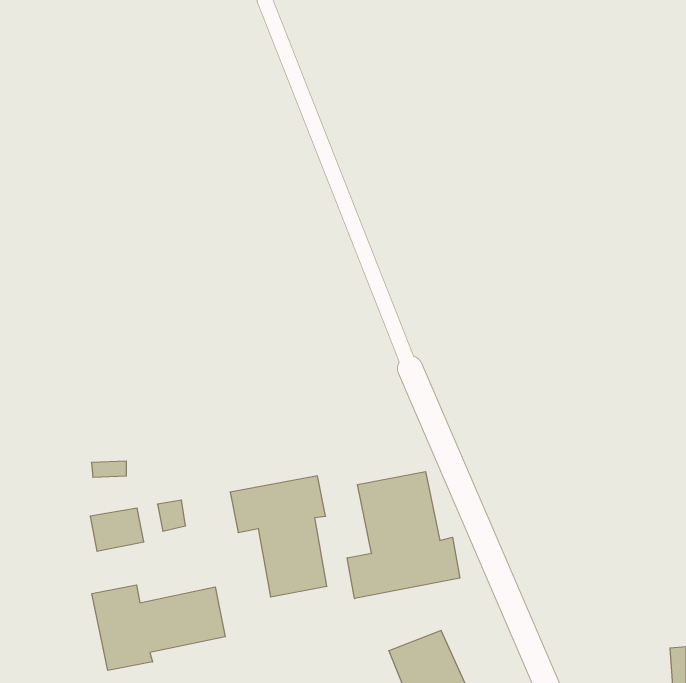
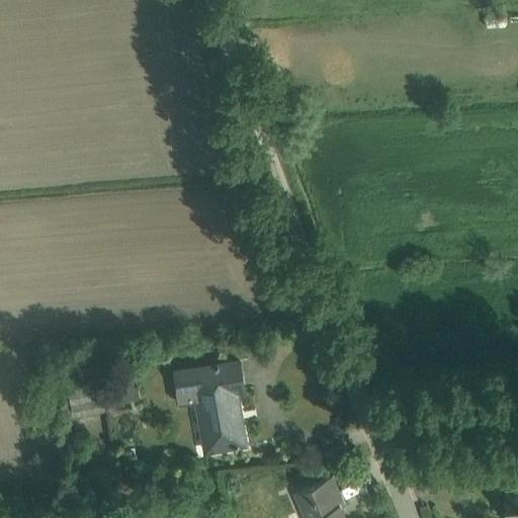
building: [347,472,460,599] -> none
building: [92,585,225,670] -> none

